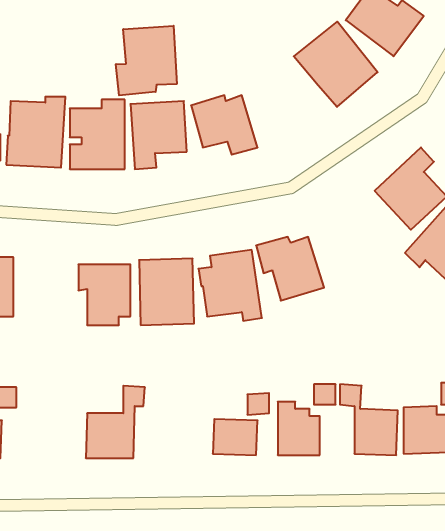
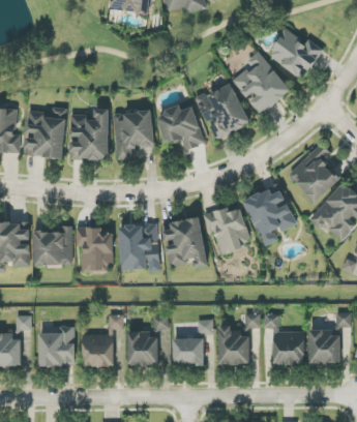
building: [116,26,177,95] -> none
building: none -> [195,82,250,140]
building: none -> [242,188,296,246]
building: none -> [33,229,71,266]
building: none -> [127,314,169,366]
building: none -> [38,326,75,366]

